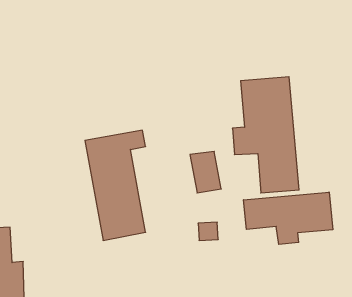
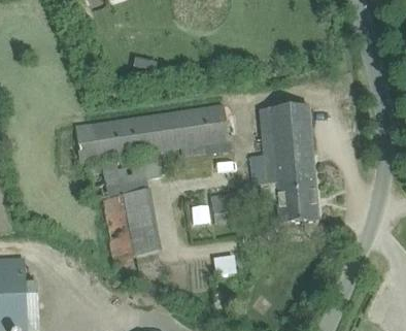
building: none -> [76,104,229,161]
building: [244,192,333,244] -> none

